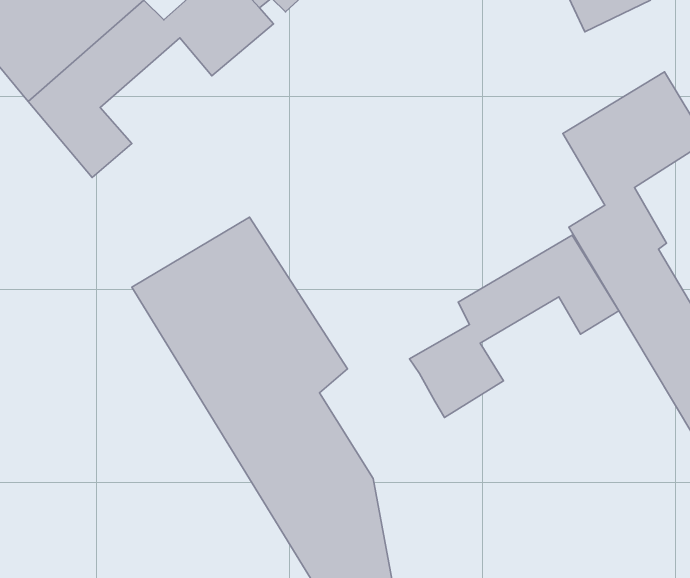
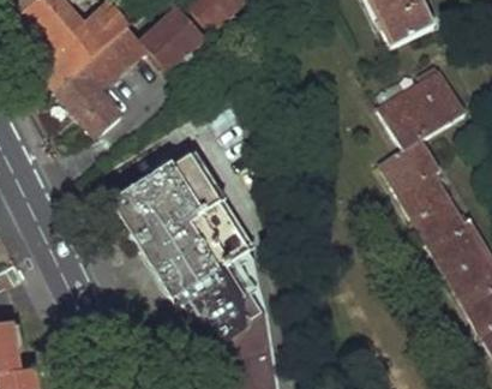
building: [409,235,619,417] -> none

